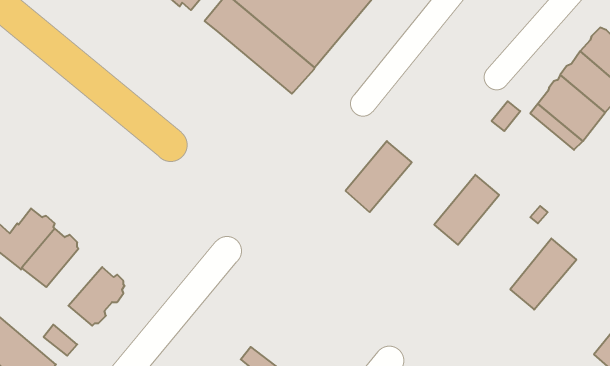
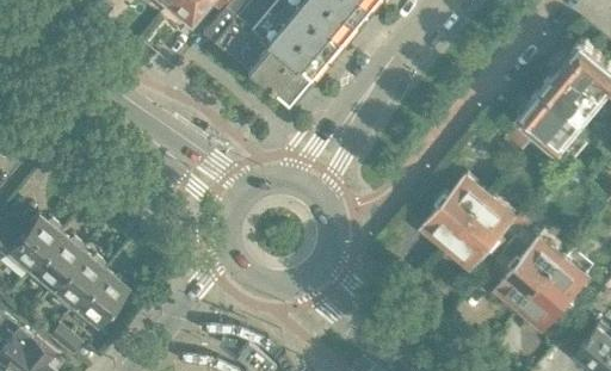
building: [346,141,412,212] -> [448,200,511,268]
building: none -> [54,252,107,307]
building: none -> [520,262,584,329]

